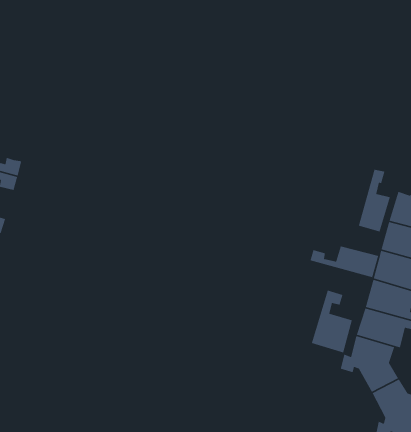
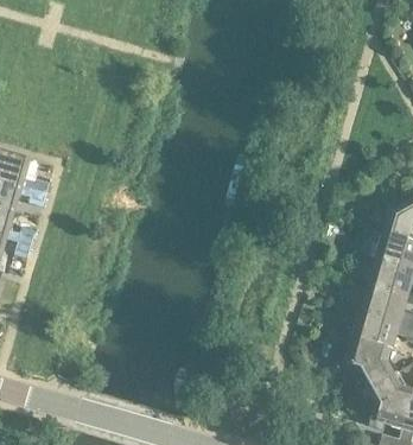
building: [358,169,391,233] -> none
building: [310,245,379,278] -> none
building: [311,290,353,354] -> none

